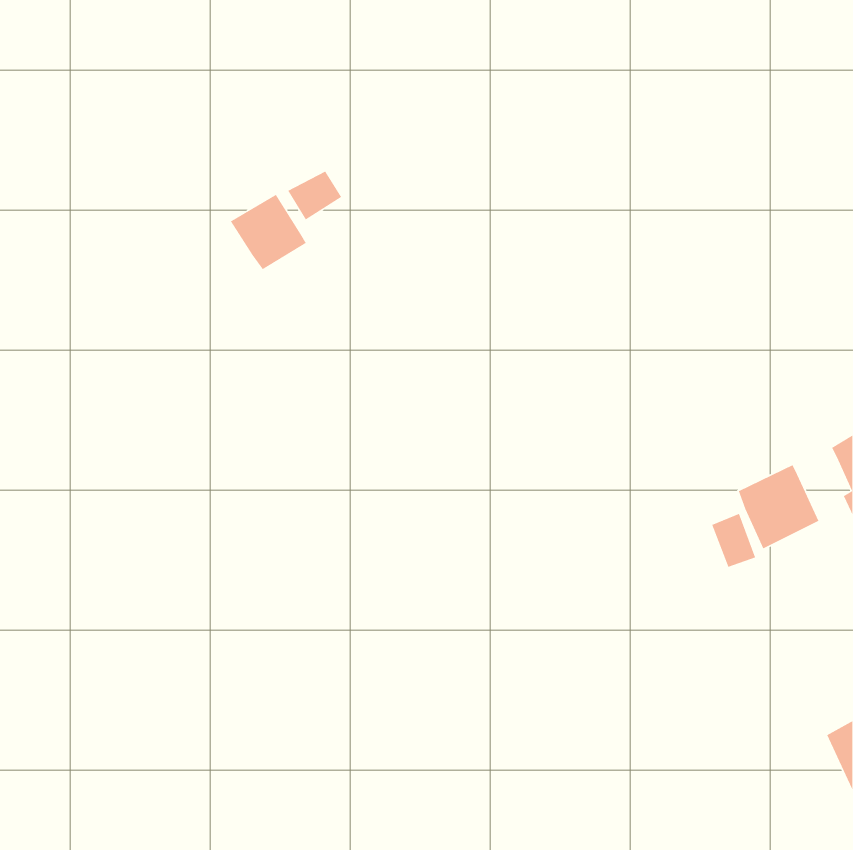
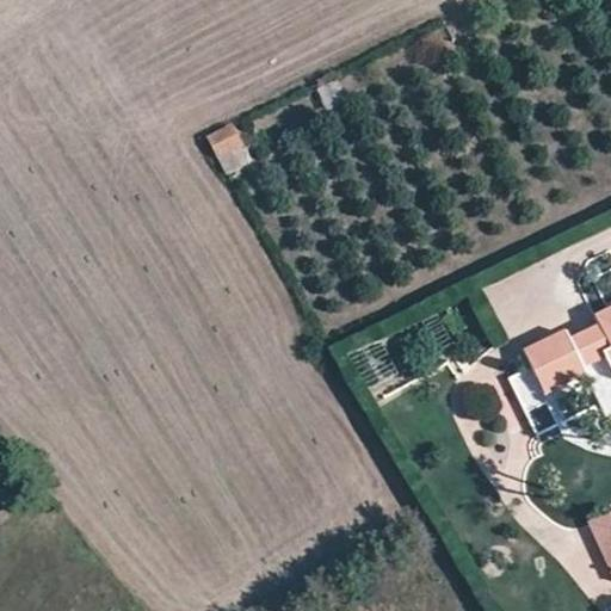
building: [230,194,307,270] -> none

